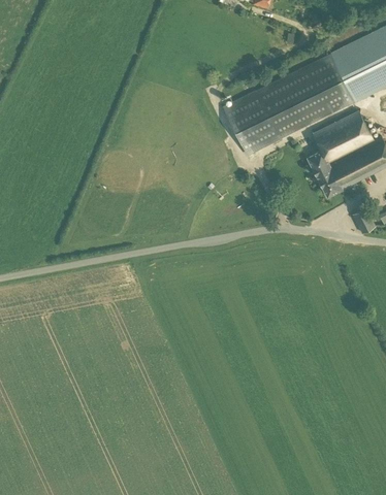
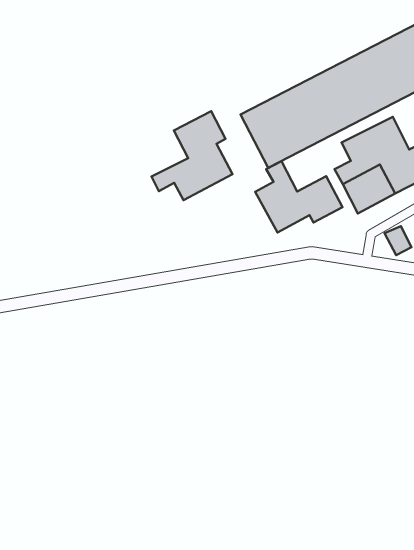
building: none -> [152,111,233,200]
building: none -> [255,161,343,233]

